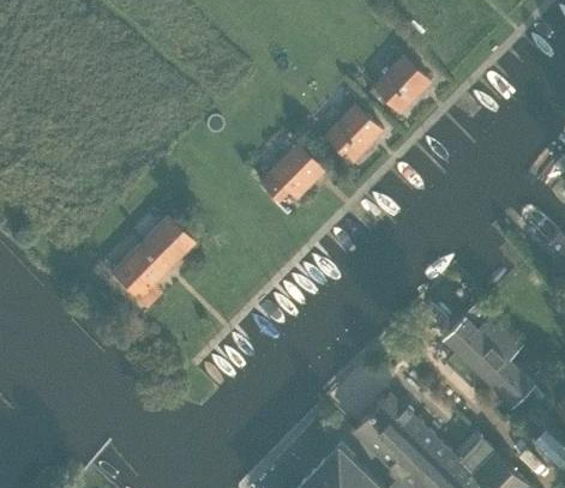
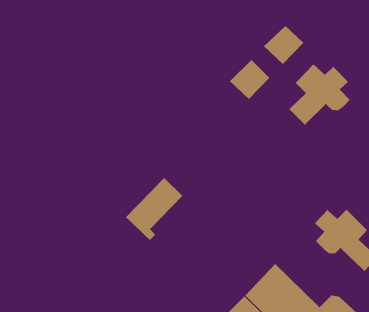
building: none -> [289,63,351,126]
building: [260,146,324,201] -> none
building: [110,218,192,308] -> [125,177,183,241]

